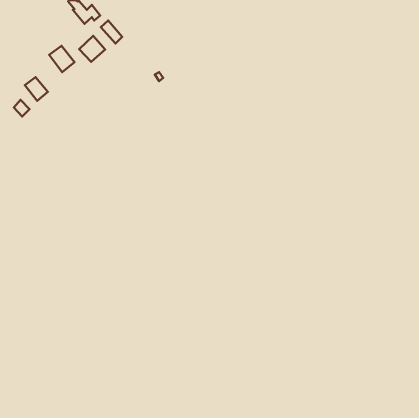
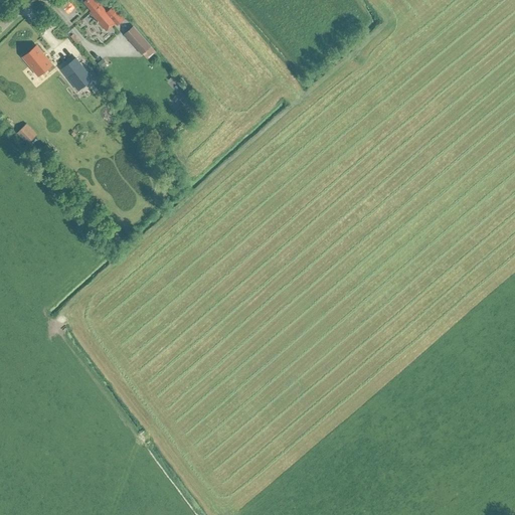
building: [79,36,105,62] -> none
building: [25,77,48,101] -> [23,47,51,76]

